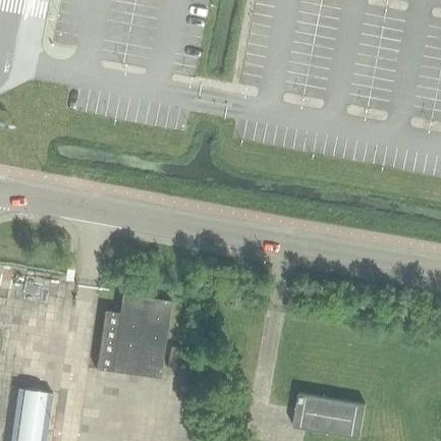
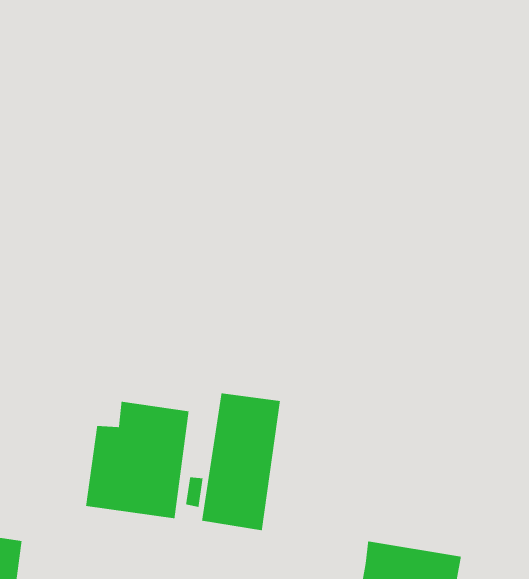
building: none -> [201,392,281,531]

